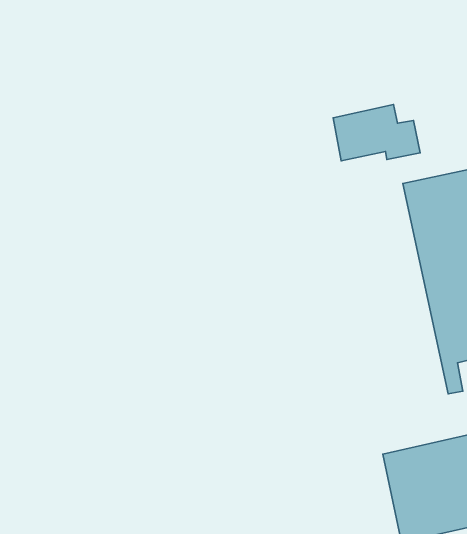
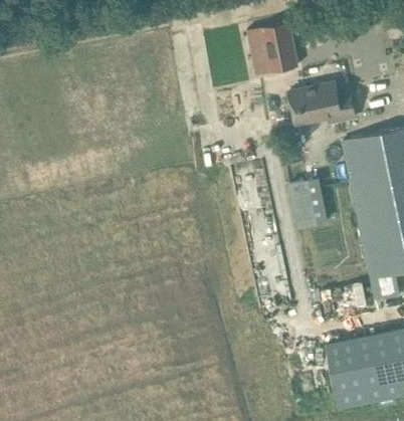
building: none -> [261,27,299,78]
building: none -> [289,178,327,226]

